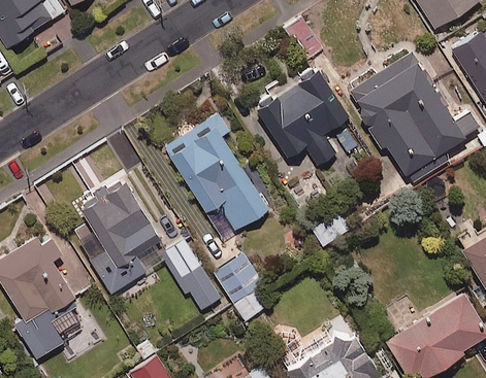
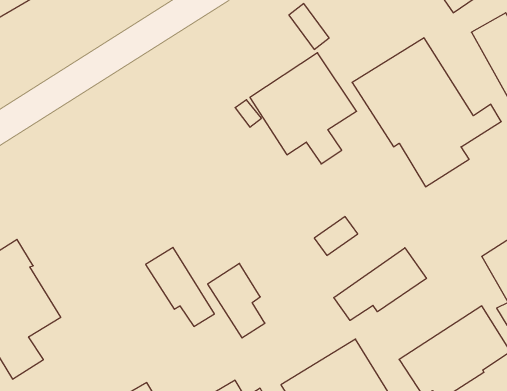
building: [164,112,268,239] -> none
building: [79,181,160,294] -> none
building: none -> [334,248,426,320]

